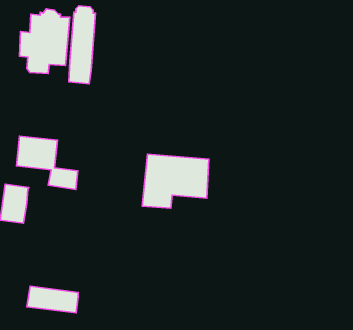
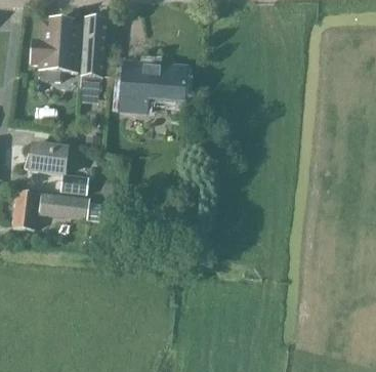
building: [142,154,209,208] -> [119,58,185,113]
building: [27,286,78,313] -> [38,192,89,218]

